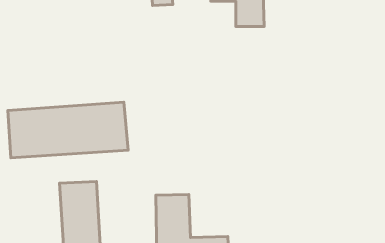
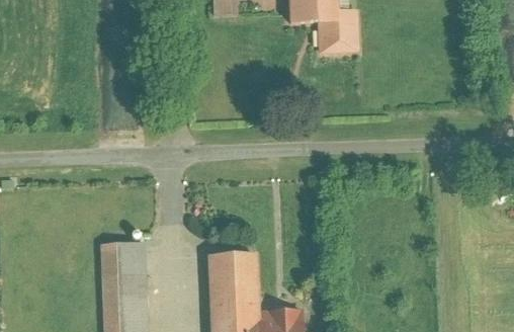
building: [8,102,128,158] -> none

